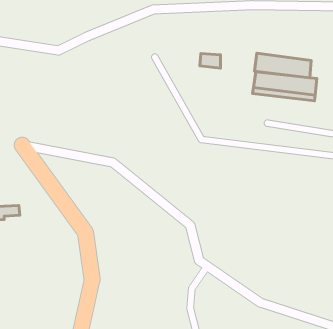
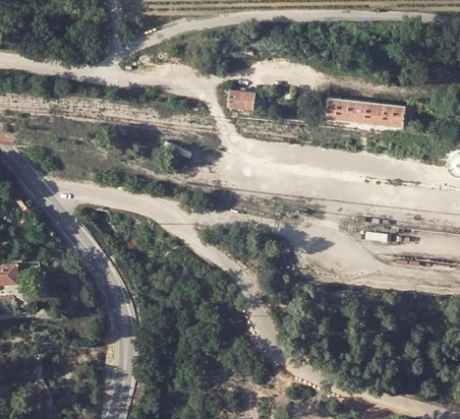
building: [254,53,311,78] -> none
building: [200,53,221,68] -> [229,91,254,109]

